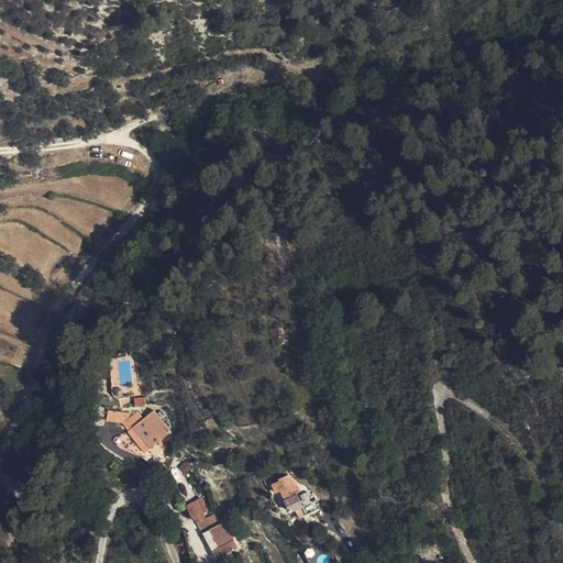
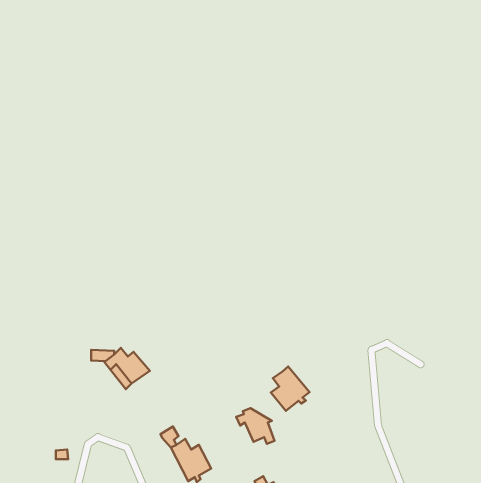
building: none -> [271,367,309,411]

